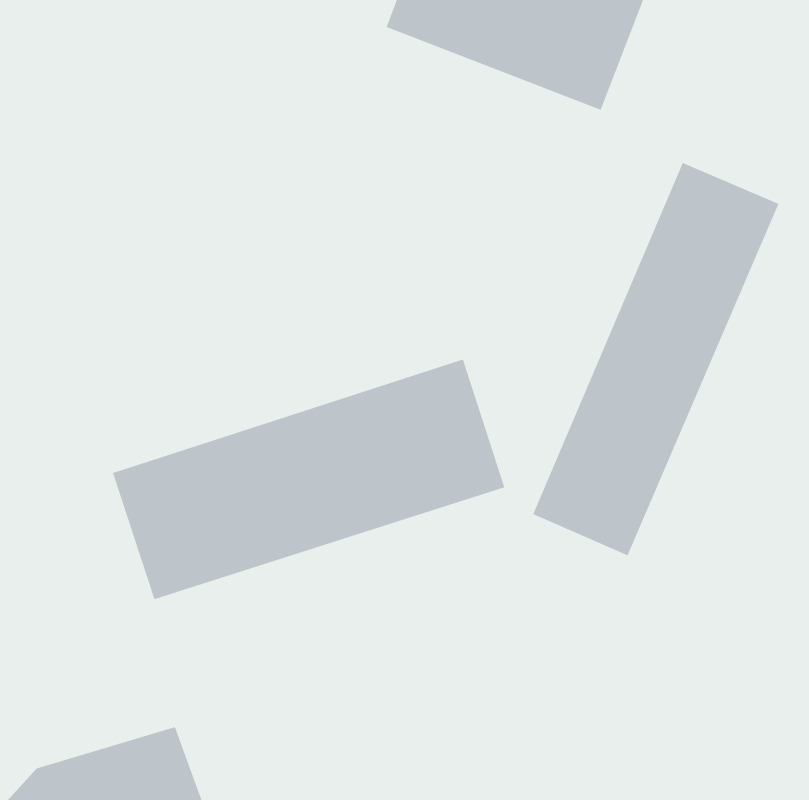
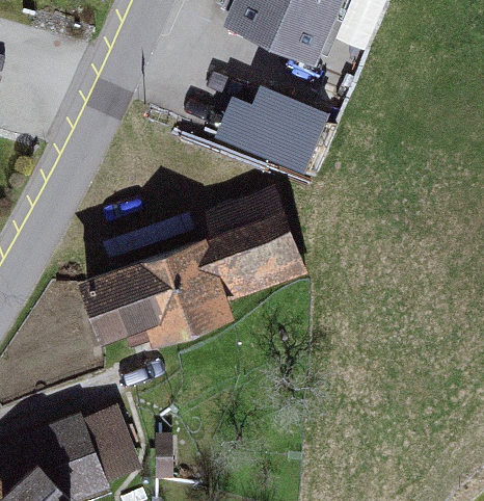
building: none -> [212,90,327,181]
building: [532,162,779,556] -> none

